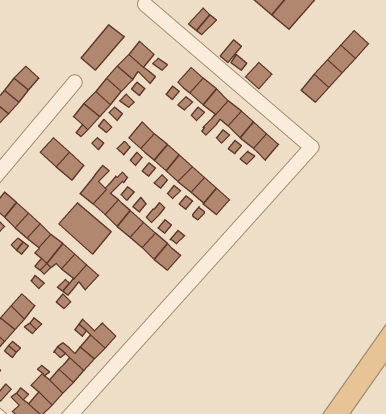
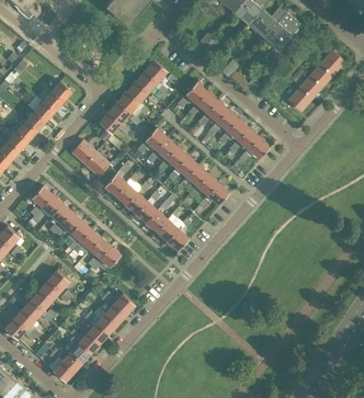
building: [81,25,124,70] -> none
building: [59,203,111,254] -> none

